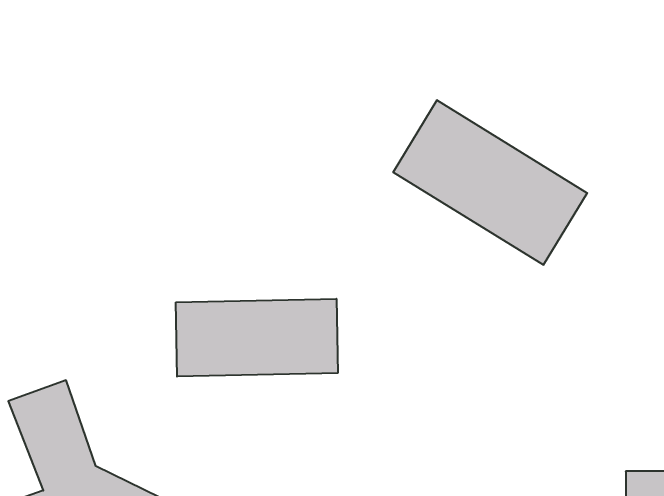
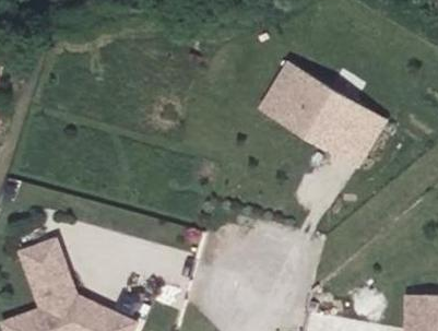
building: [176,299,338,377] -> none

